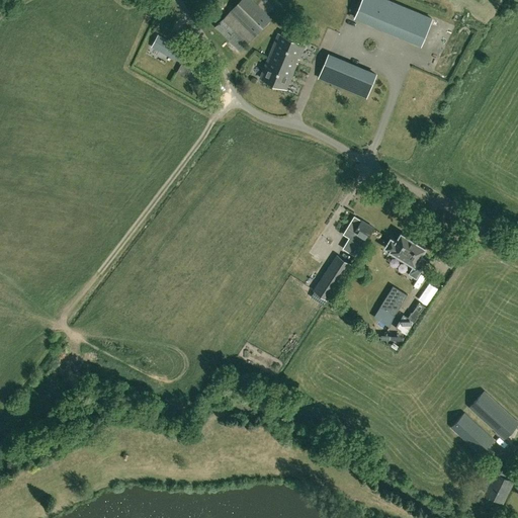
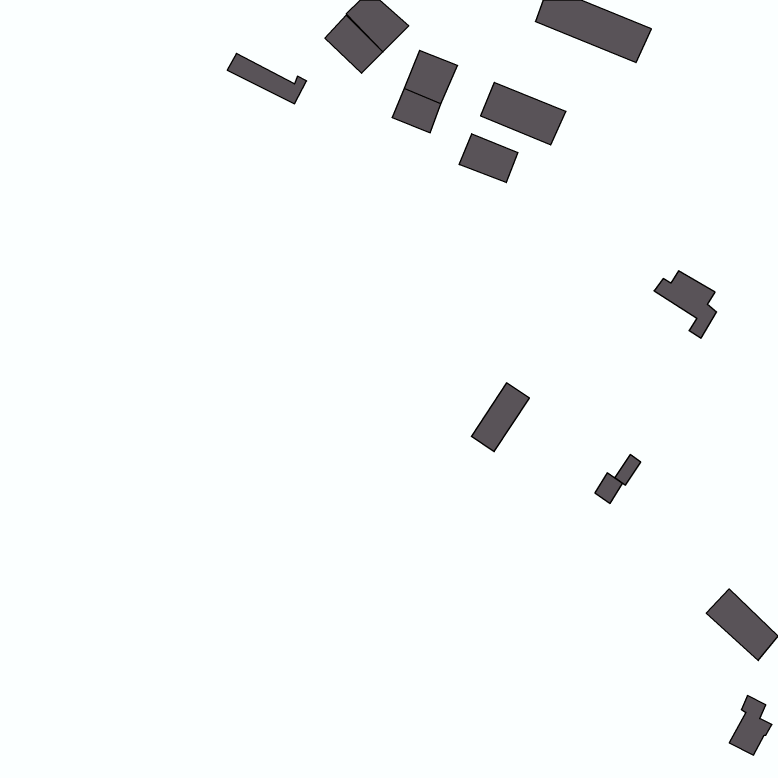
building: none -> [459,134,518,183]
building: [343,215,373,247] -> none
building: [384,234,426,278] -> [654,271,717,338]
building: [379,286,406,316] -> none
building: [450,413,493,454] -> none

